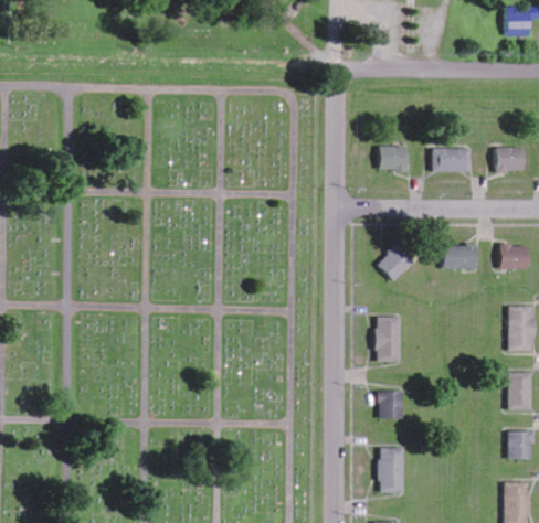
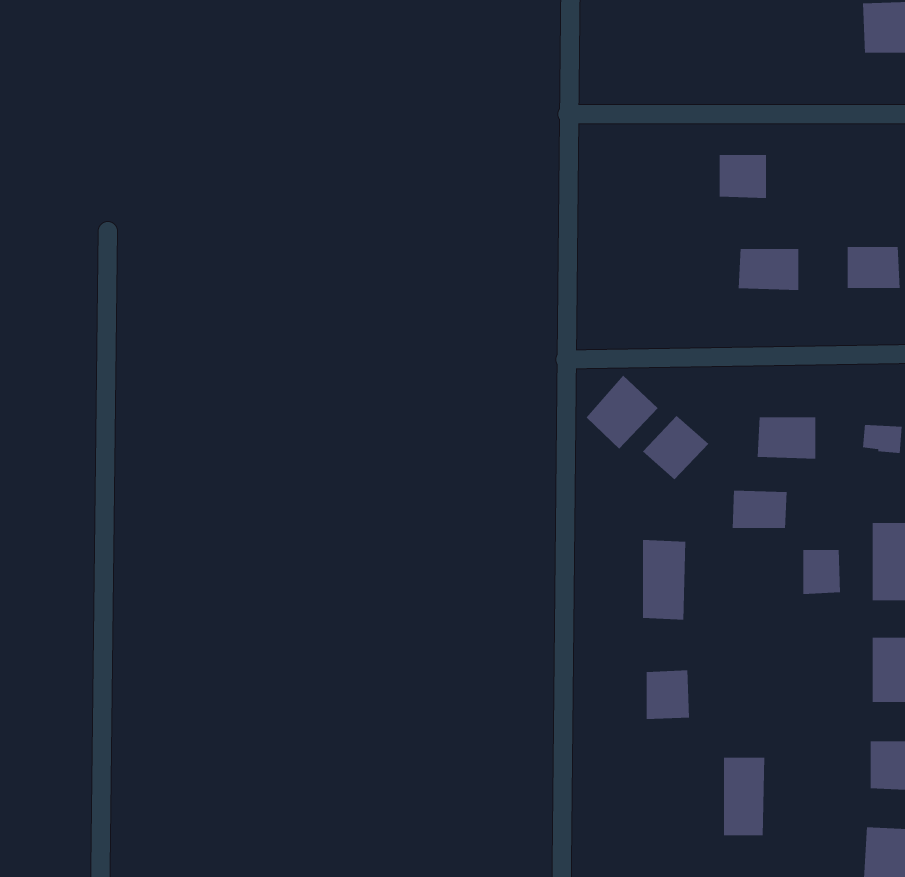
building: [379,146,406,171] -> [719,155,767,199]
building: none -> [586,375,658,449]
building: none -> [732,490,787,529]
building: none -> [803,549,840,595]
building: [379,447,403,492] -> [723,757,765,836]

